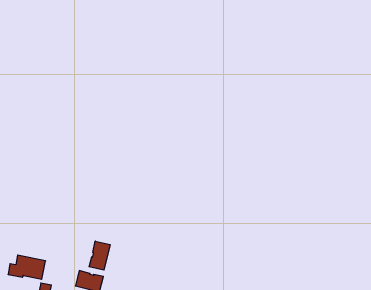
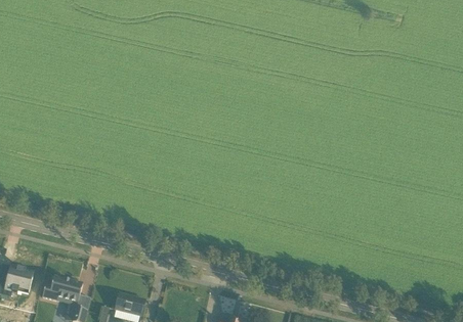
building: [89,241,110,270] -> none

